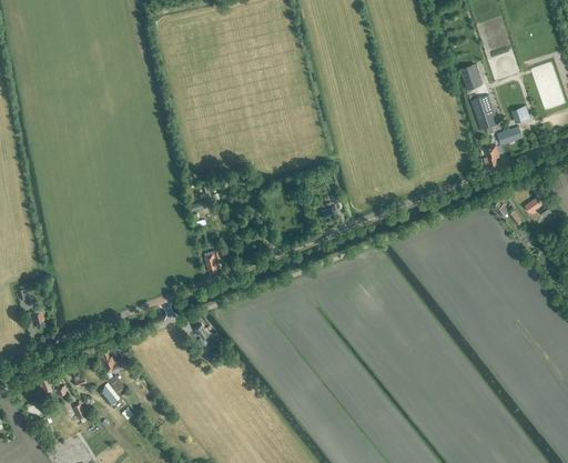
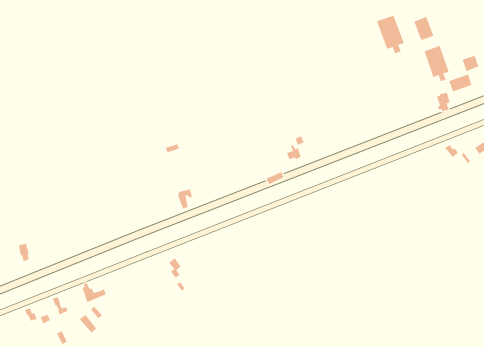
building: none -> [376,15,404,54]

